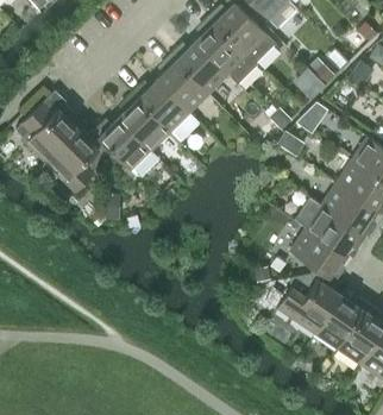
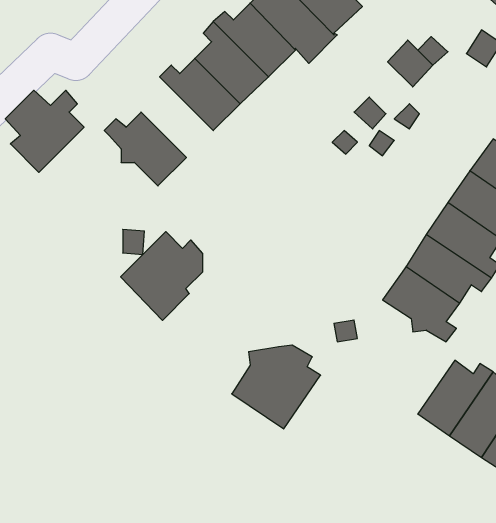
building: [118,94,169,151] -> none
building: [45,130,103,193] -> [121,232,203,320]
building: [277,273,340,333] -> [232,345,321,429]

